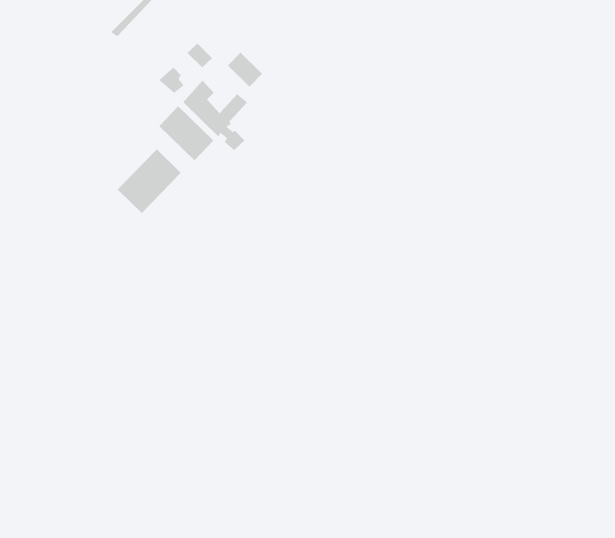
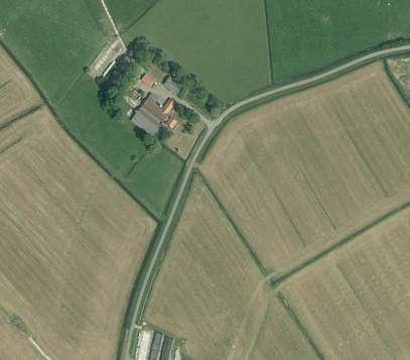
building: [117,149,182,214] -> none

